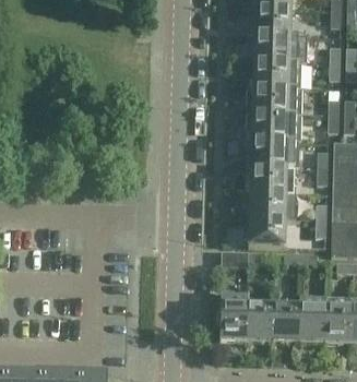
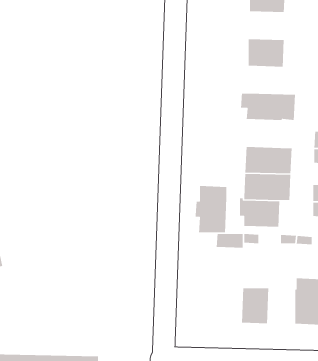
building: [254,34,299,61] -> none
building: [248,86,302,115] -> none
building: [252,140,288,167] -> none
building: [217,293,249,339] -> [195,185,227,233]
building: [274,305,300,341] -> none

